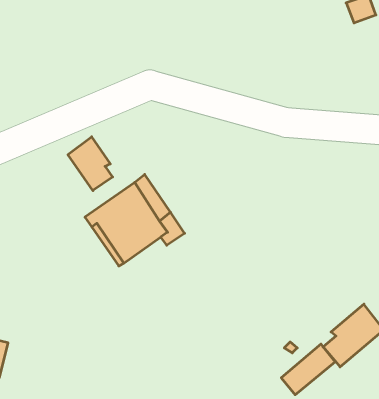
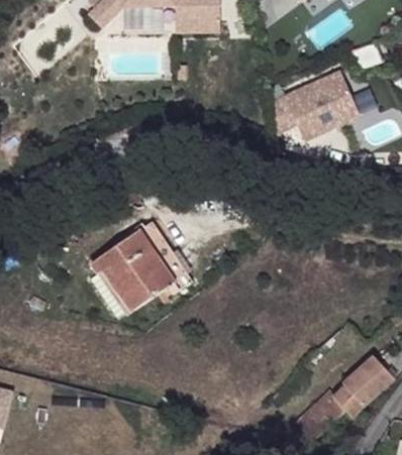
building: none -> [272,71,360,136]
building: [68,137,113,191] -> none

